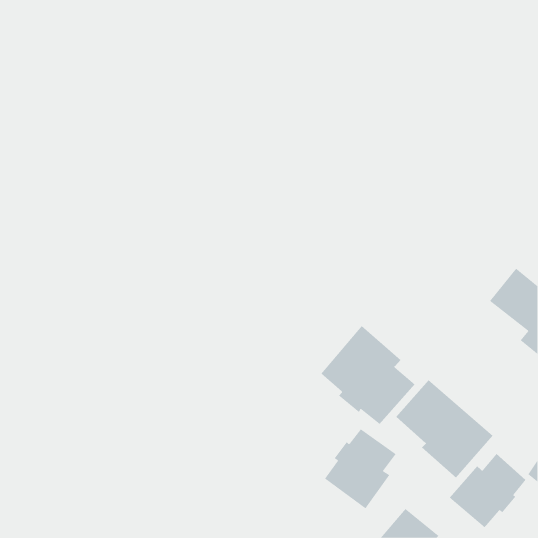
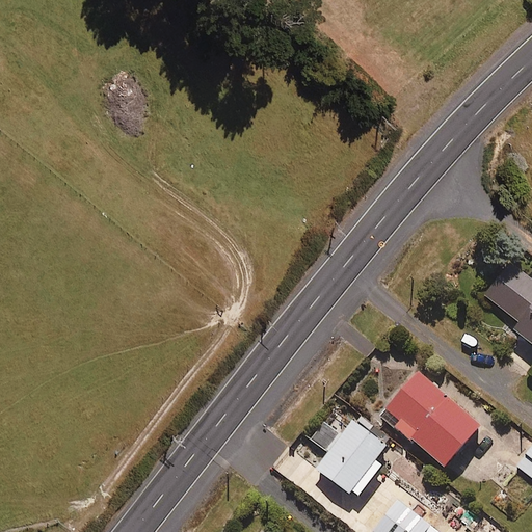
building: [321,325,416,425] -> none
building: [449,453,526,528] -> none

